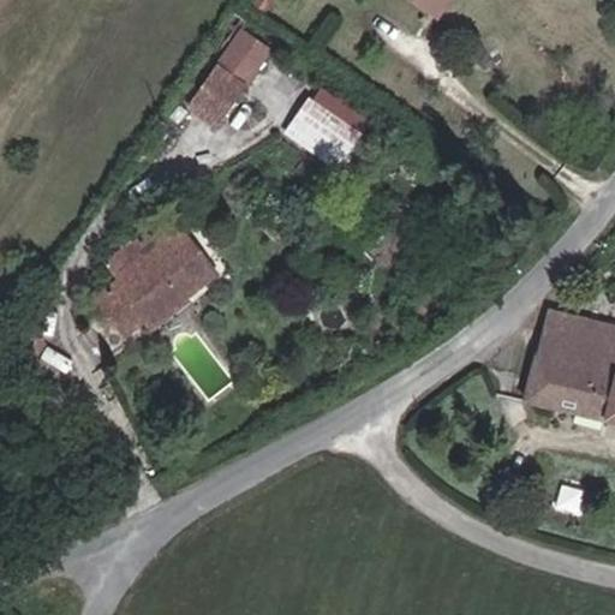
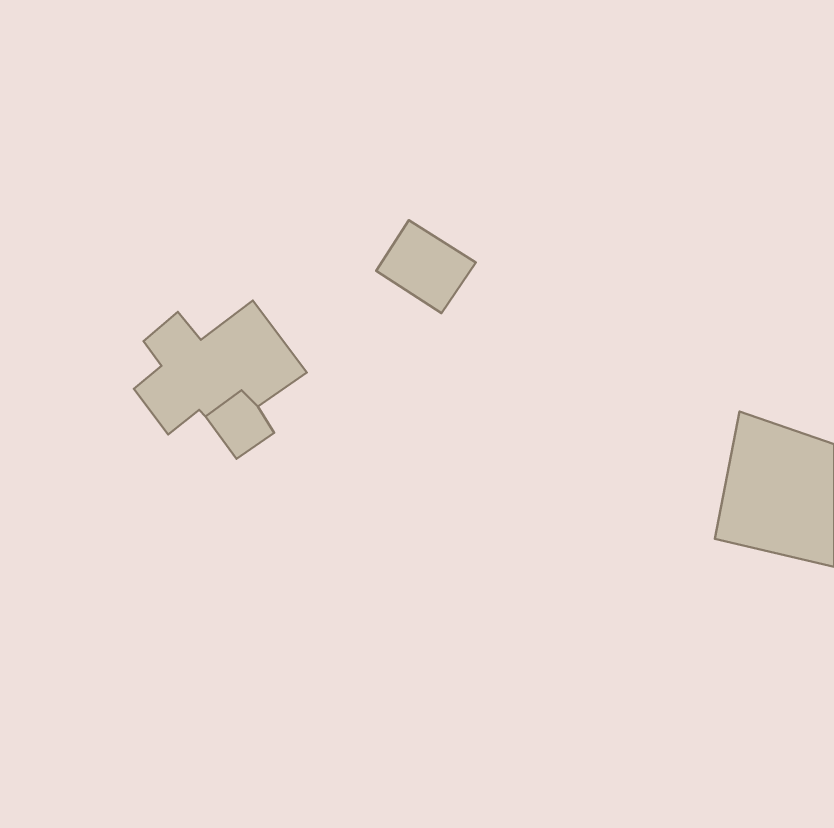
building: [187,34,264,123] -> none
building: [295,96,369,165] -> [376,220,476,313]

